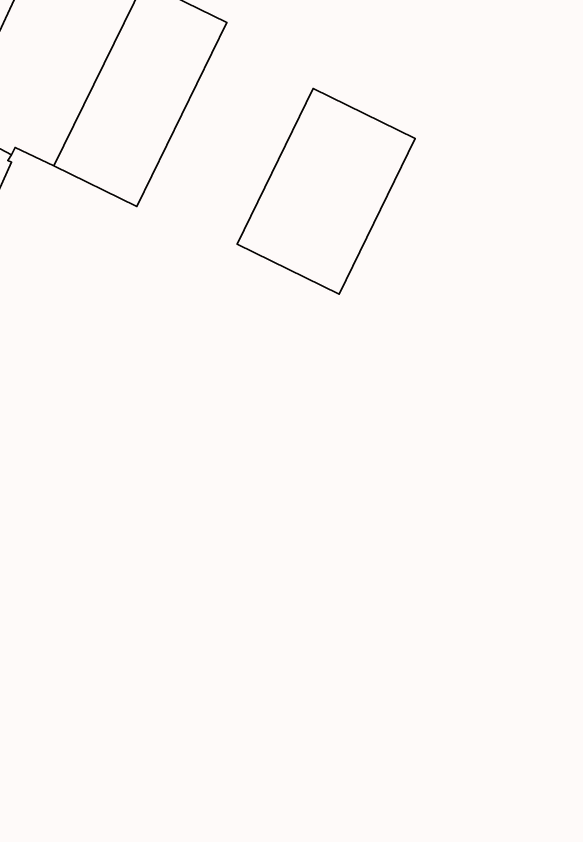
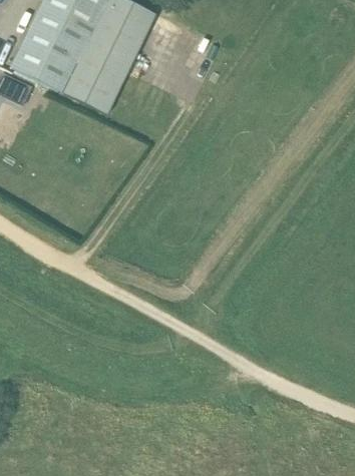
building: [237,88,415,294] -> none

